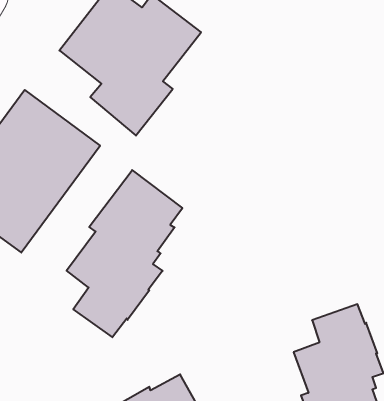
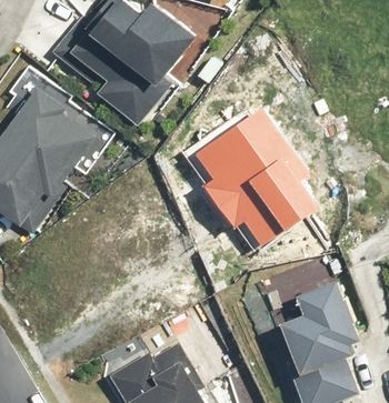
building: none -> [188,109,305,242]
building: [67,170,182,337] -> none

